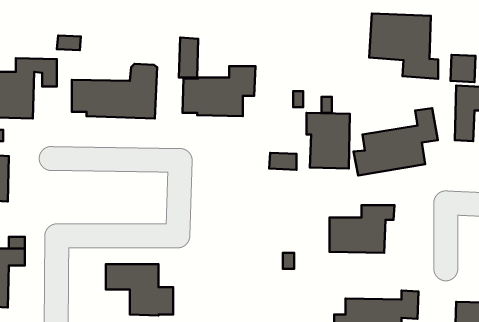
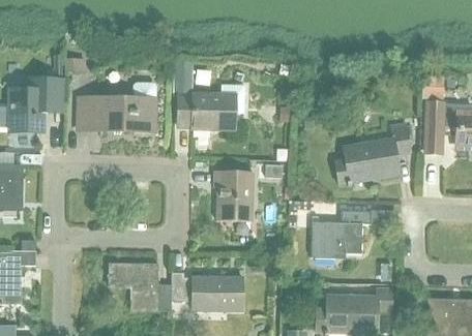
building: [369,13,438,79] -> none
building: [307,113,350,169] -> [213,172,253,222]
building: none -> [170,273,242,311]

